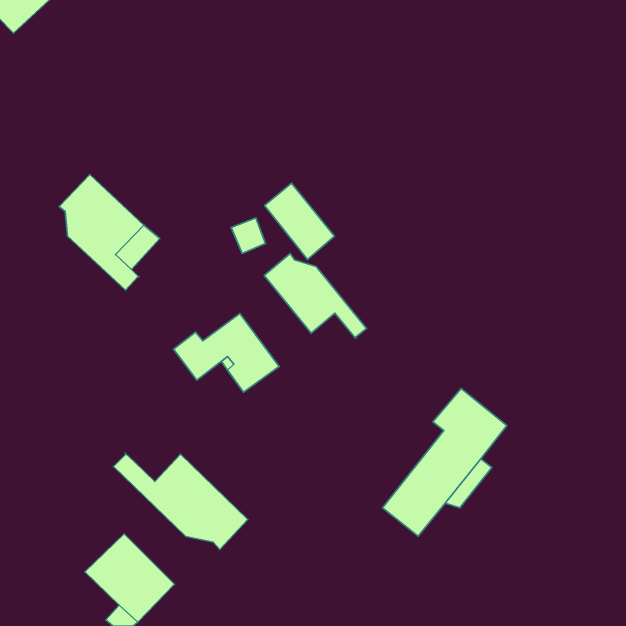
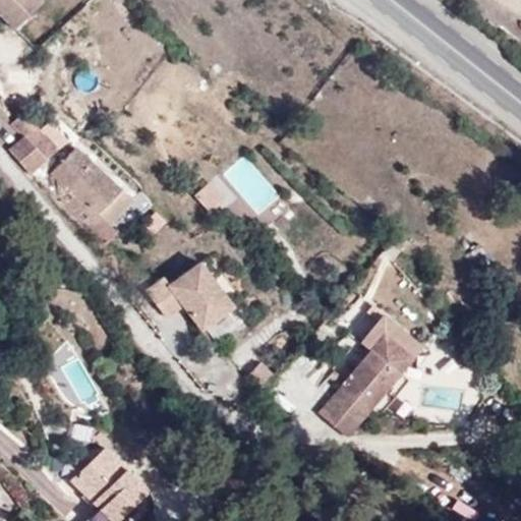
building: none -> [8,110,57,170]
building: [264,254,367,338] -> none
building: [114,453,248,549] -> none

